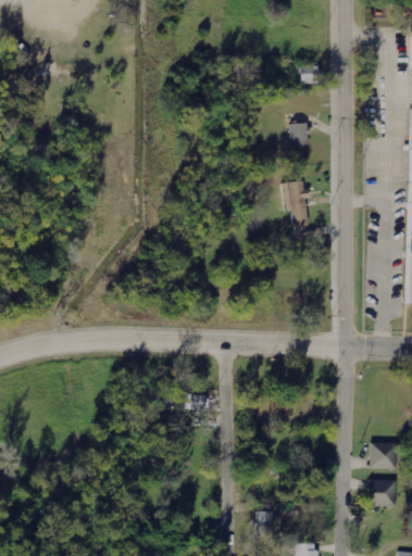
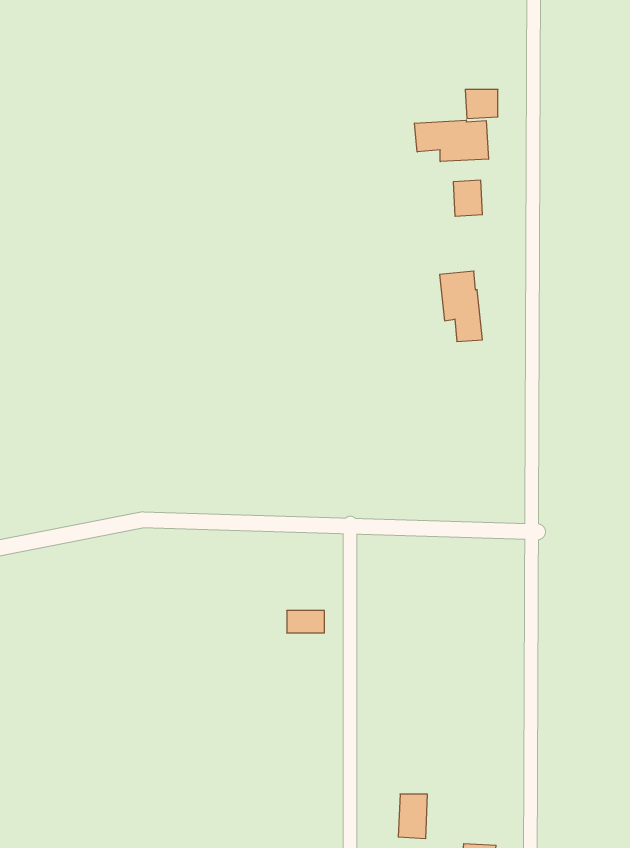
building: none -> [415,120,488,162]
building: [369,443,396,468] -> none
building: [370,480,395,506] -> none

